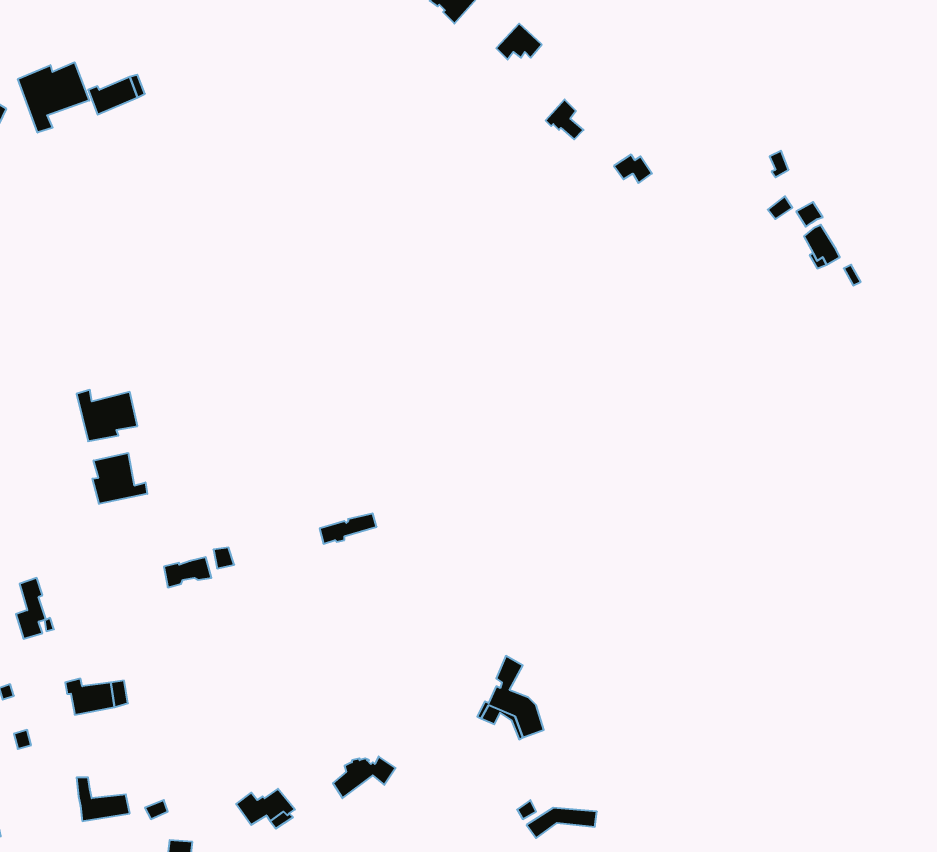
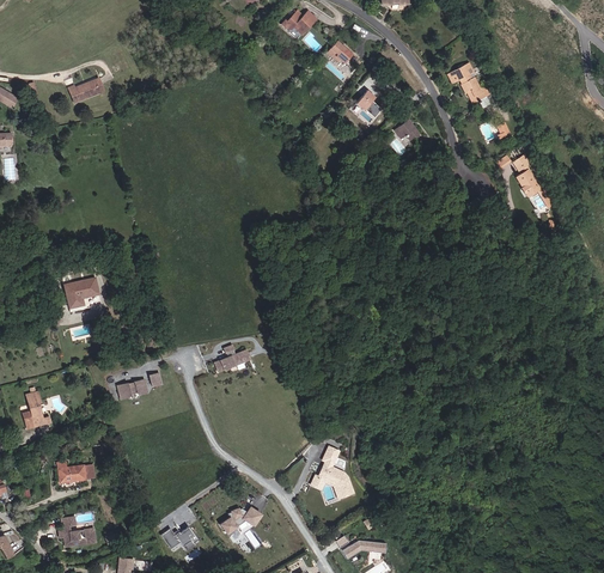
building: none -> [451,63,488,104]
building: [18,62,89,133] -> none
building: [92,453,147,504] -> none

